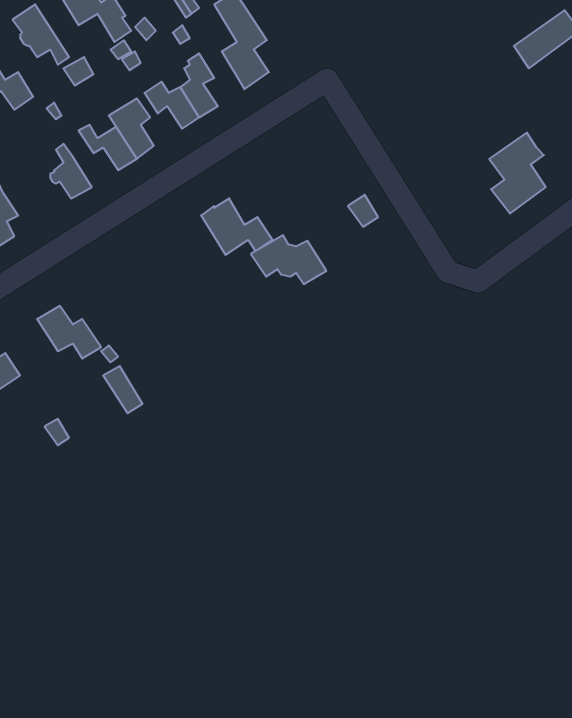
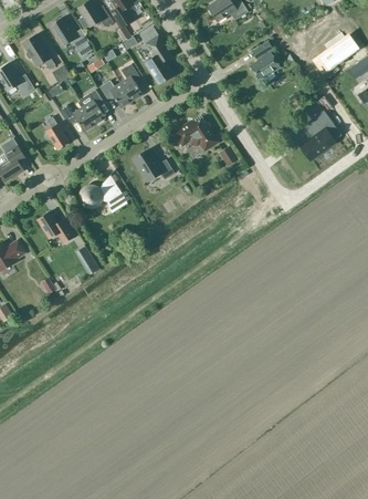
building: none -> [250,41,280,81]
building: [251,235,326,284] -> [174,121,218,149]
building: none -> [82,175,127,211]

